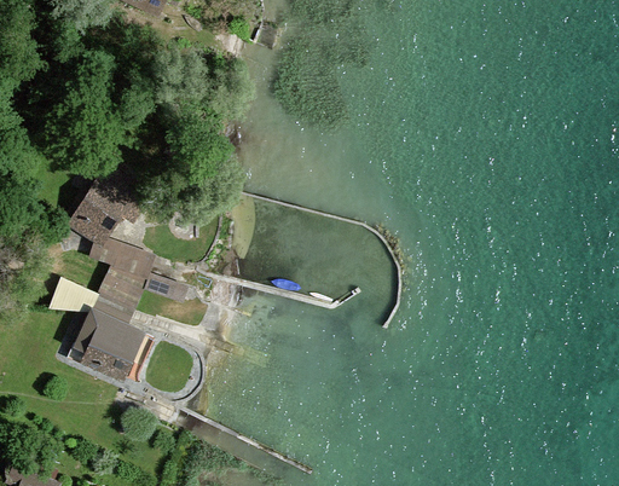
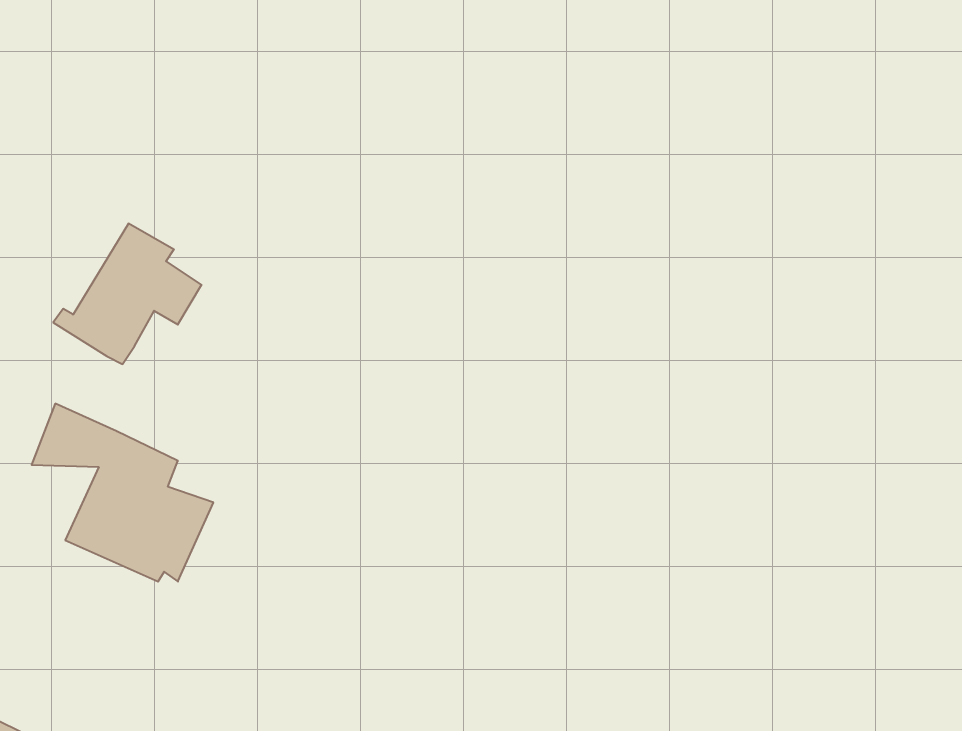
building: [86,239,154,309] -> none

